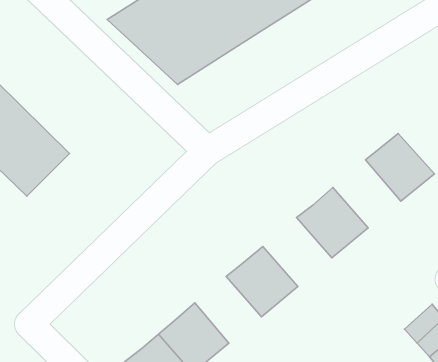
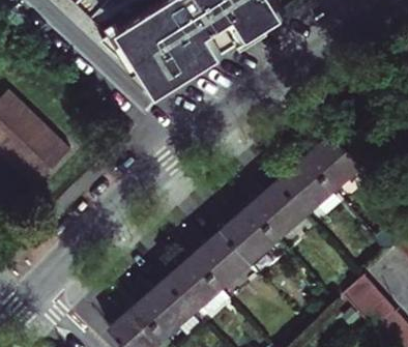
building: none -> [284,157,340,213]
building: none -> [226,205,283,262]
building: none -> [170,254,225,309]

